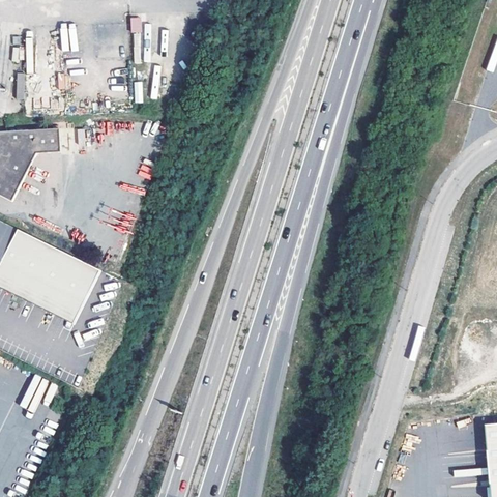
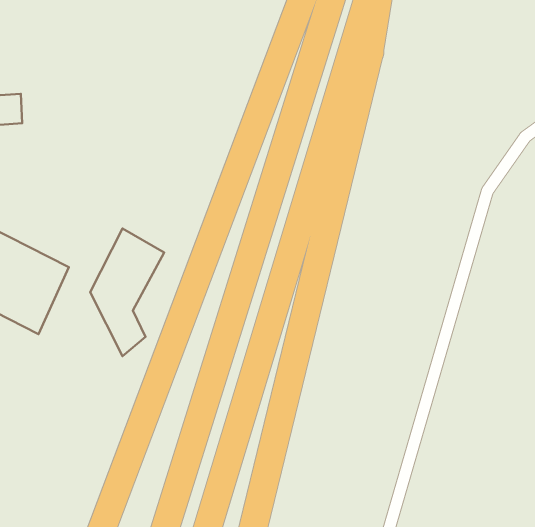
building: none -> [90,228,164,356]

